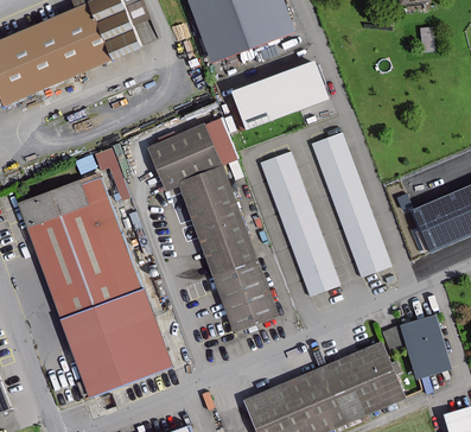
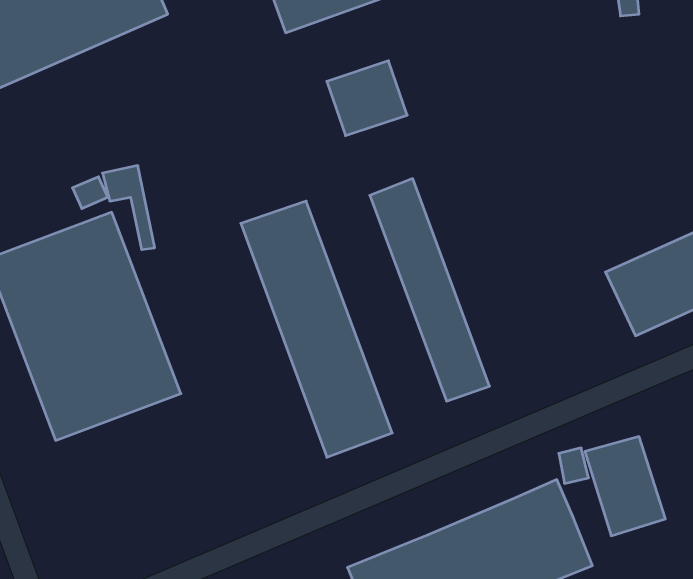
building: [274,62,327,112] -> none
building: [151,120,234,186] -> none
building: [313,133,390,275] -> none
building: [63,288,172,394] -> none

